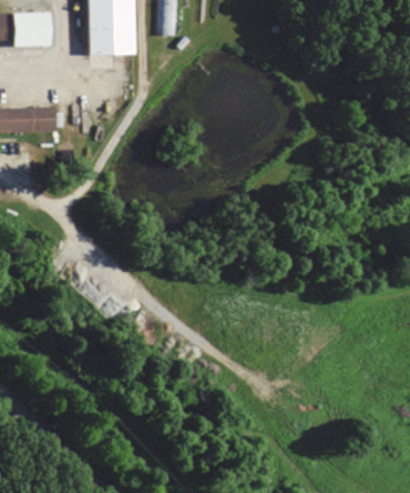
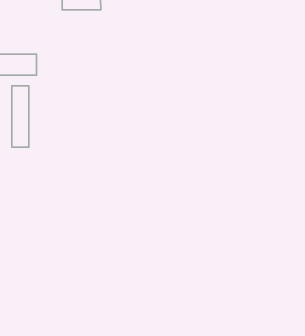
building: none -> [12,86,29,147]

